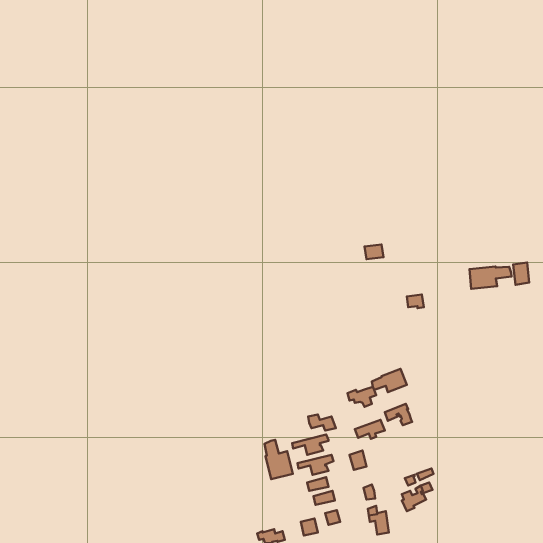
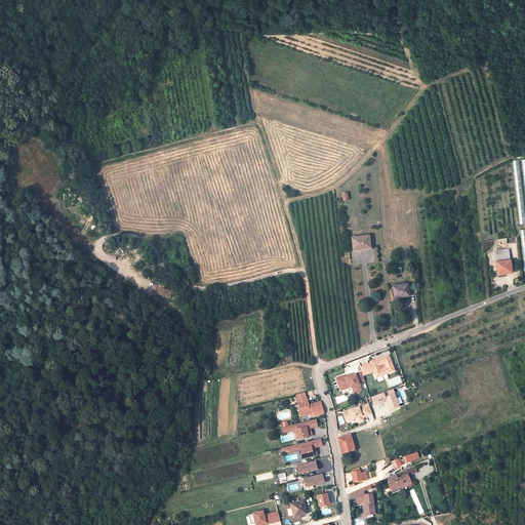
building: [469,266,512,289] -> none
building: [264,440,293,479] -> none

